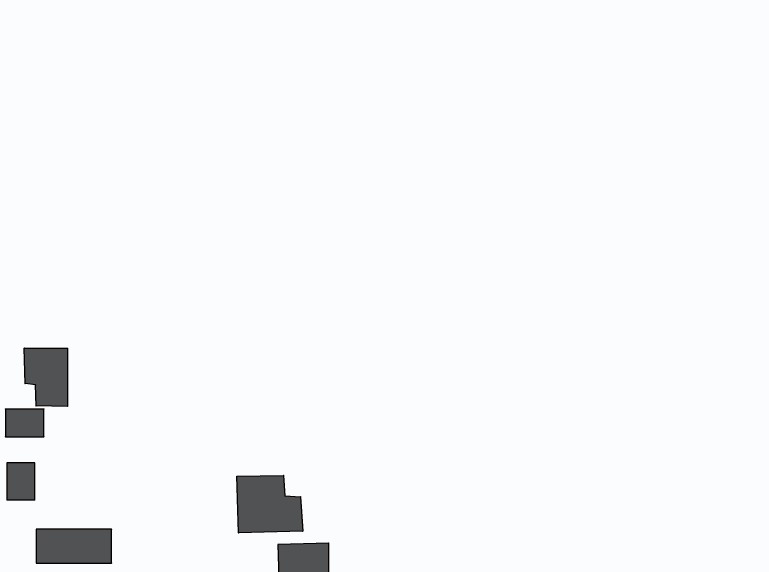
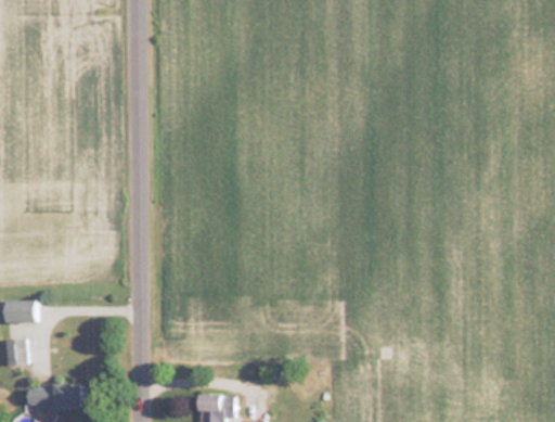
building: [24,348,68,406] -> none
building: [237,475,303,533] -> none

